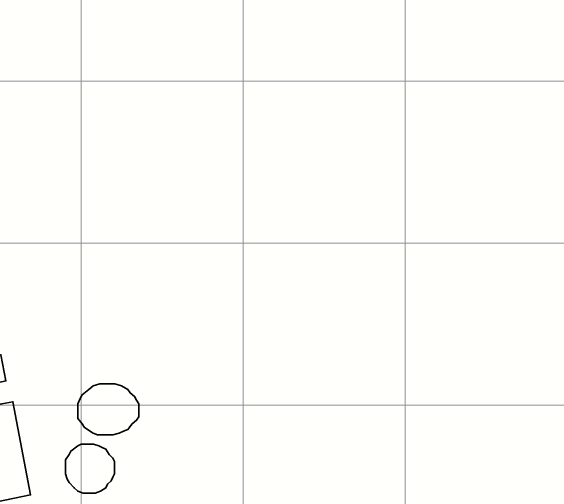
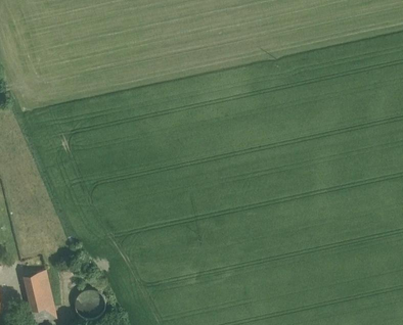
building: [78,384,139,435] -> none

